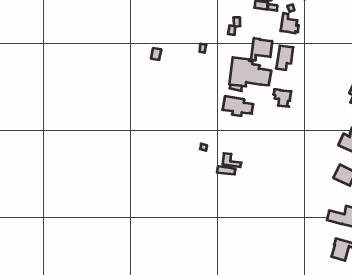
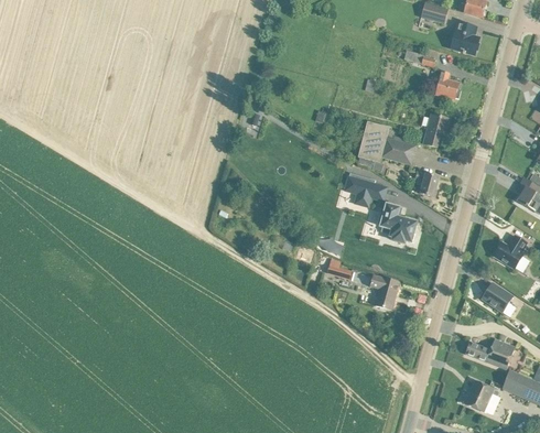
building: [251,38,272,60] -> none
building: none -> [378,198,417,242]
building: none -> [370,275,399,310]

